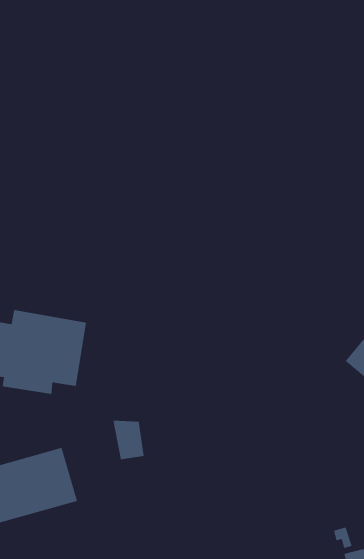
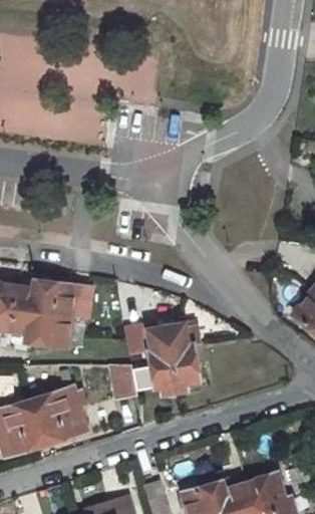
building: none -> [127,320,199,390]

